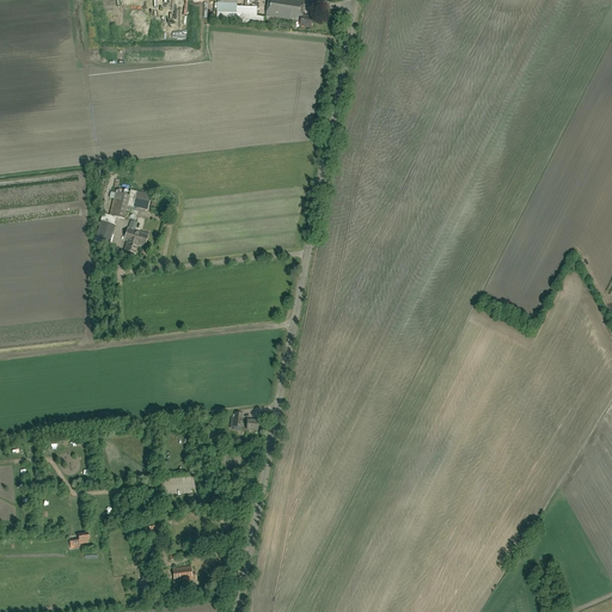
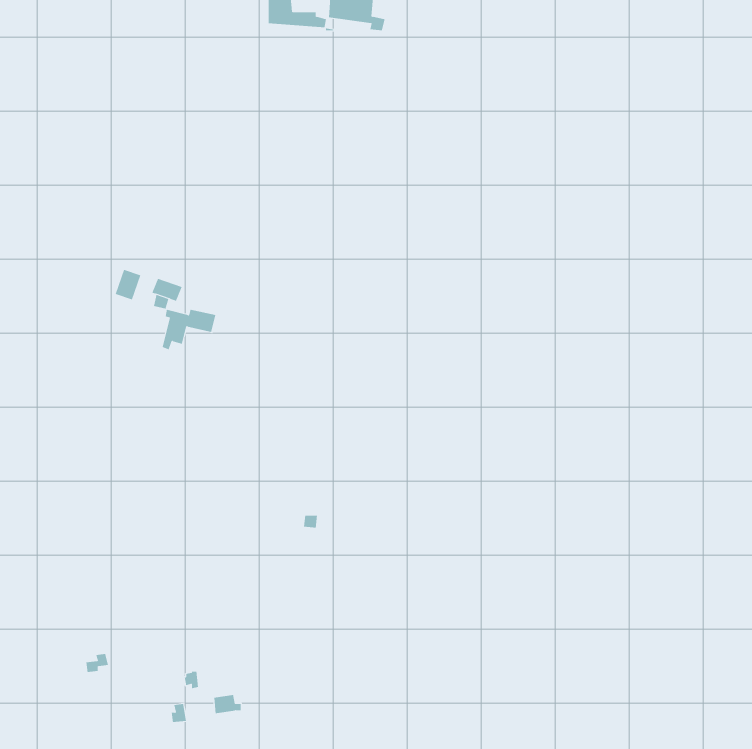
building: [108,189,152,222] -> [162,309,216,350]

